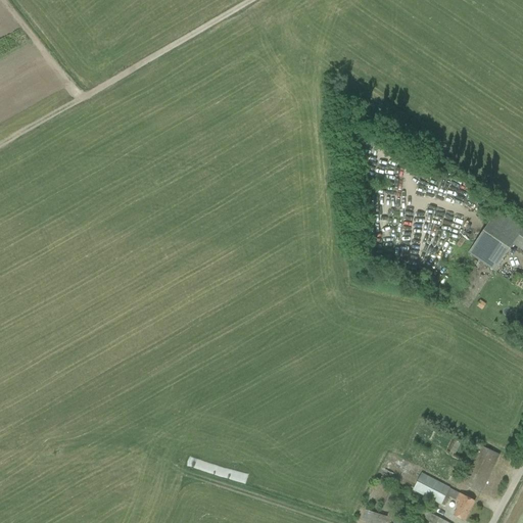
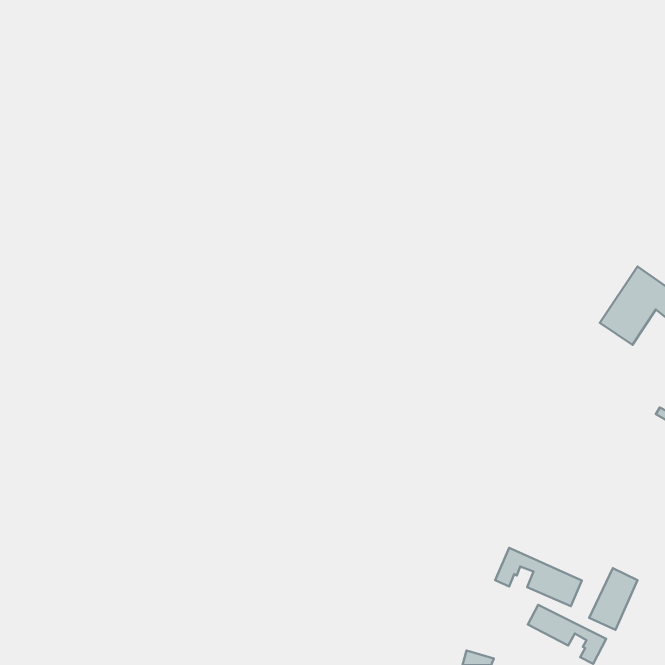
building: none -> [495,548,582,606]

